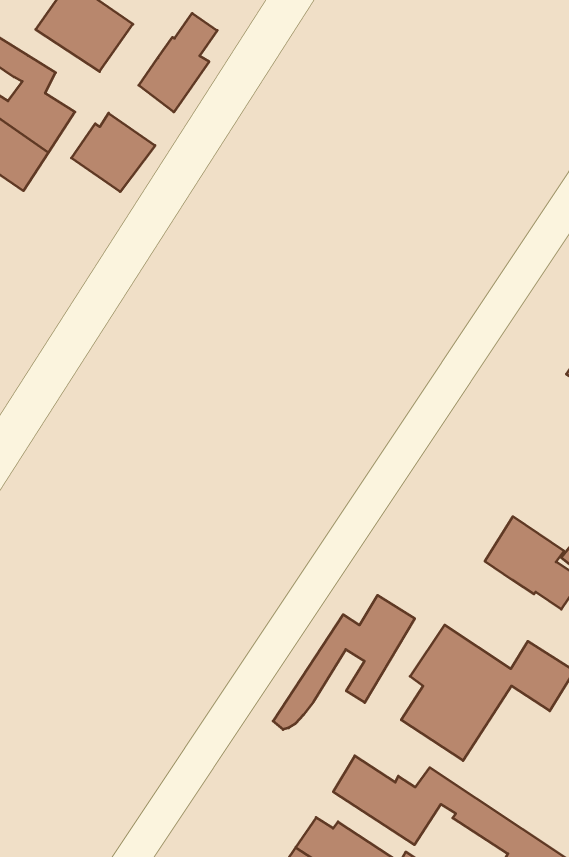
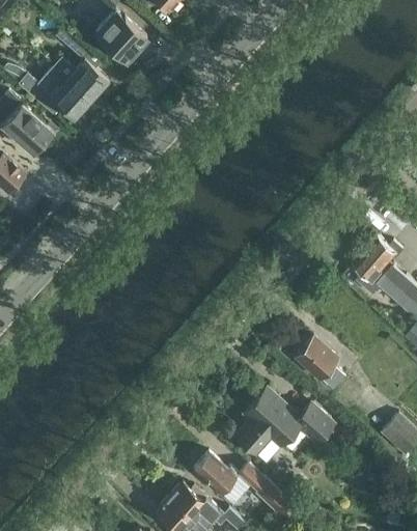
building: [139,13,217,112] -> none
building: [71,113,155,192] -> none
building: [273,595,415,730] -> none

